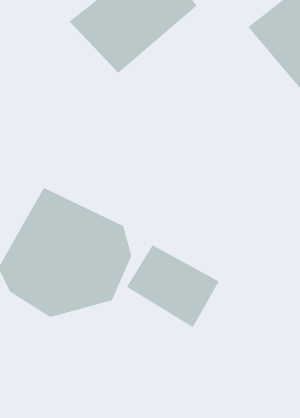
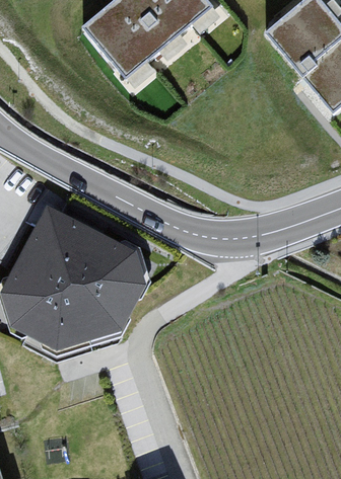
building: [126,244,220,328] -> none

